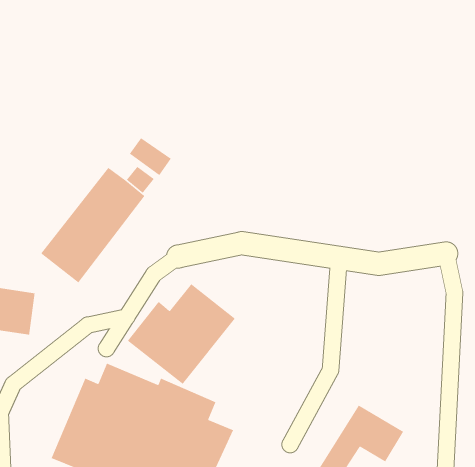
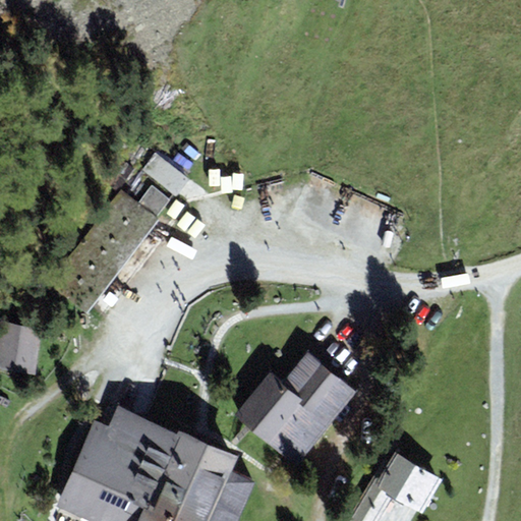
building: [127,283,236,385] -> [235,353,354,464]

